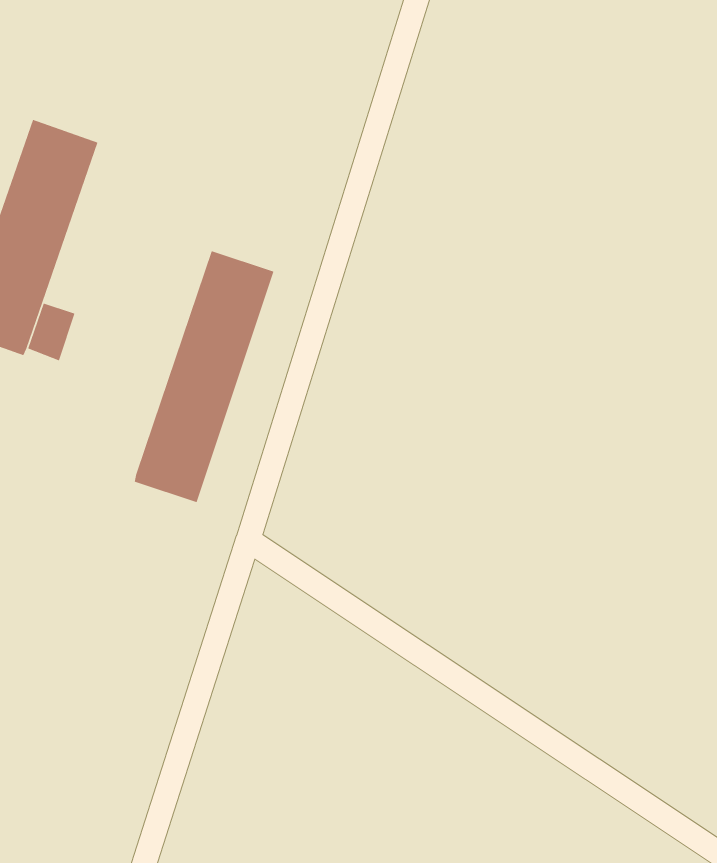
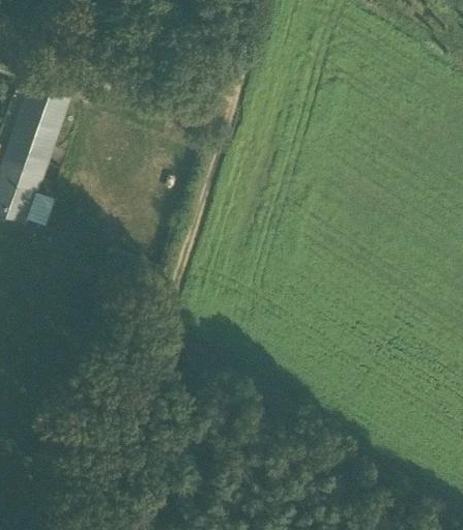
building: [134,250,275,503] -> none

